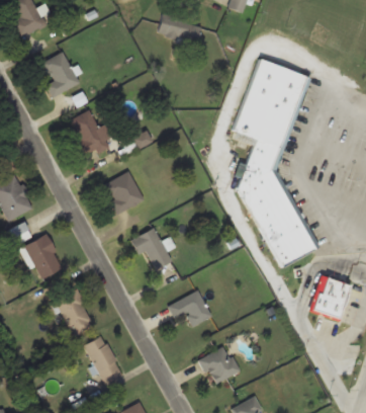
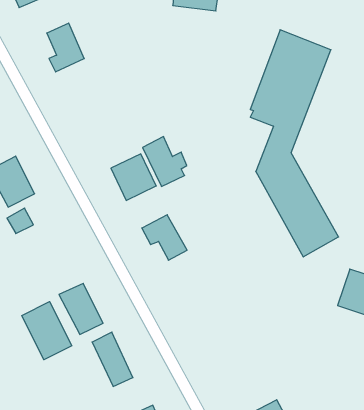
building: [71,110,111,156] -> [143,137,187,186]
building: [20,235,64,278] -> none
building: [169,292,211,327] -> none
building: none -> [22,302,72,360]
building: [200,345,241,386] -> none

